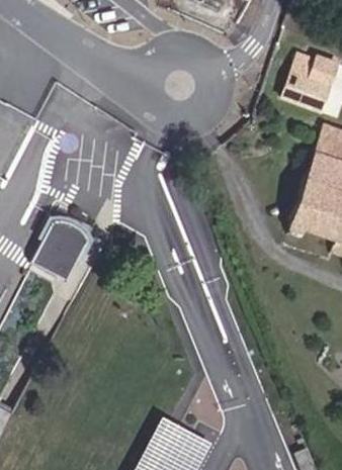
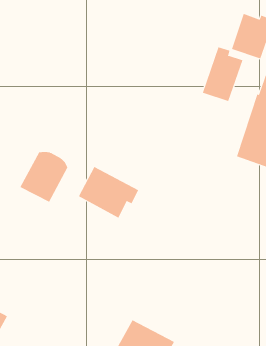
building: none -> [202,46,243,102]
building: none -> [78,166,139,219]

